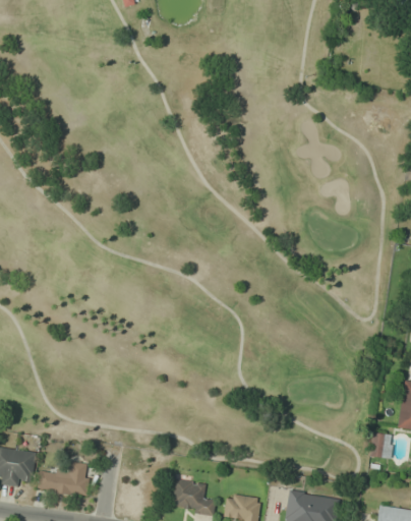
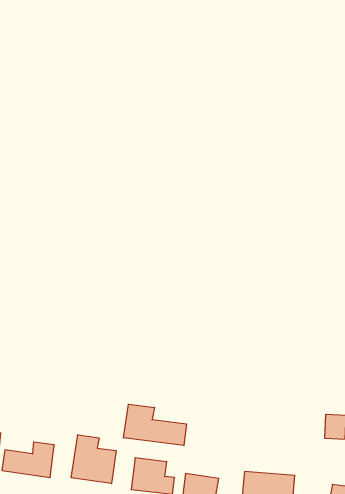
building: none -> [123,404,187,446]
building: none -> [71,435,116,484]

